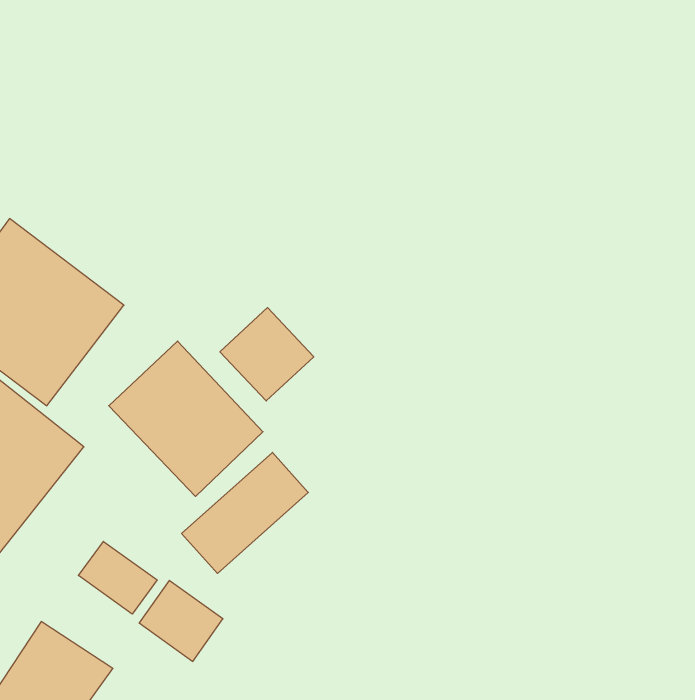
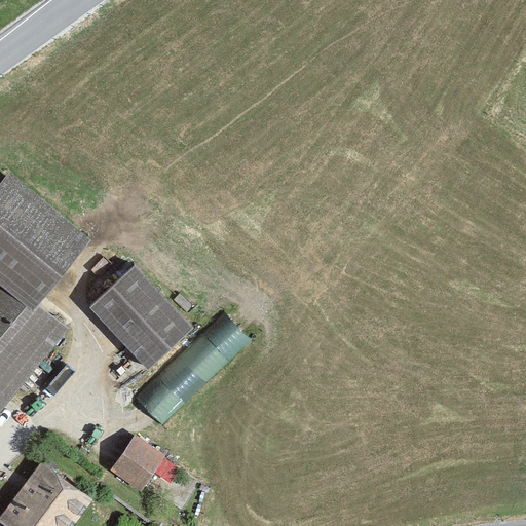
building: [220,308,314,401] -> none
building: [78,541,157,614] -> none

